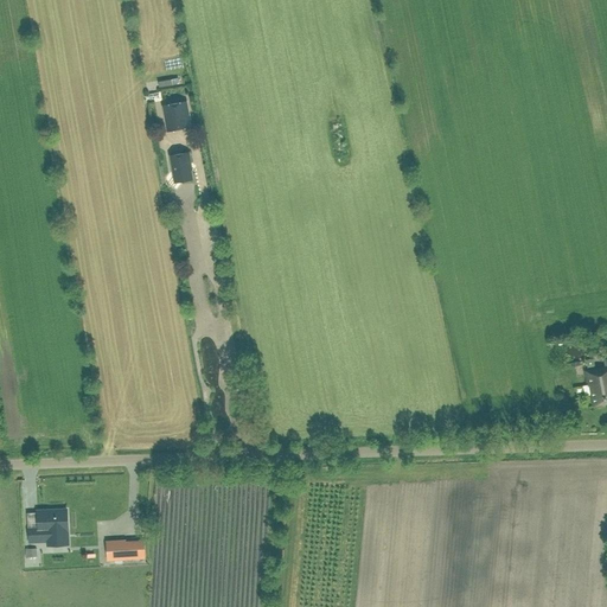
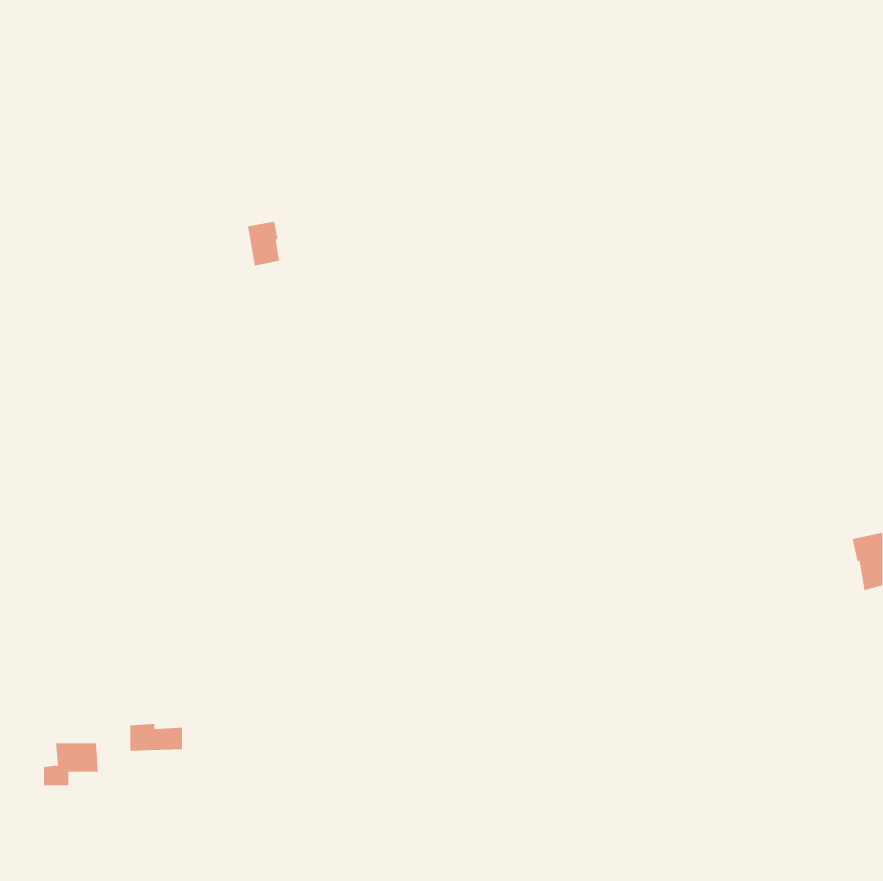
building: [162,102,191,130] -> none
building: [103,537,140,556] -> [129,724,183,751]

